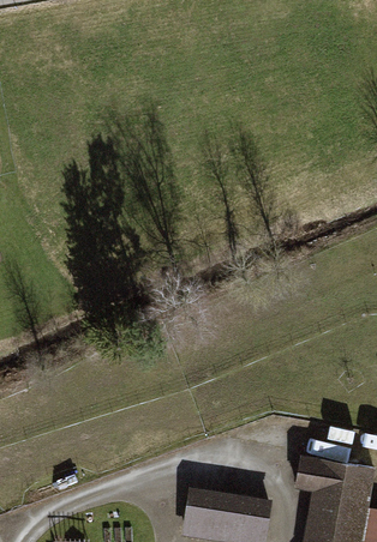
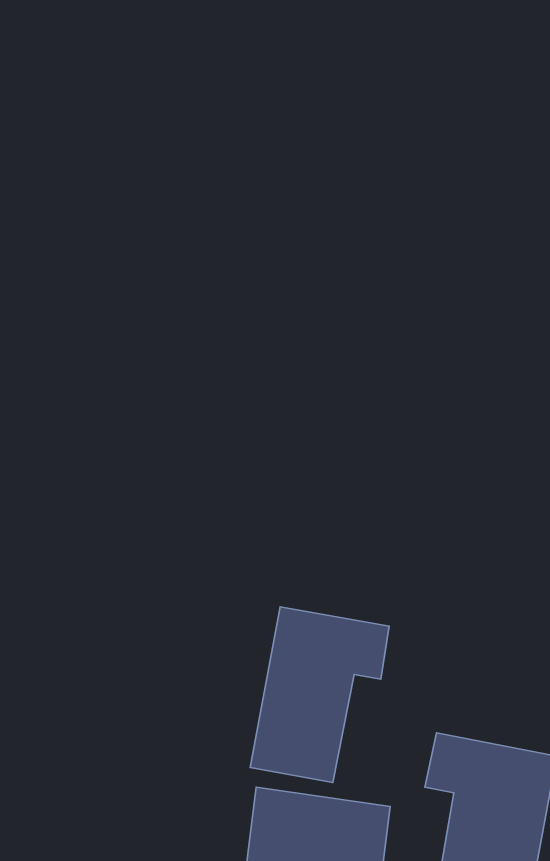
building: none -> [250,607,389,782]

